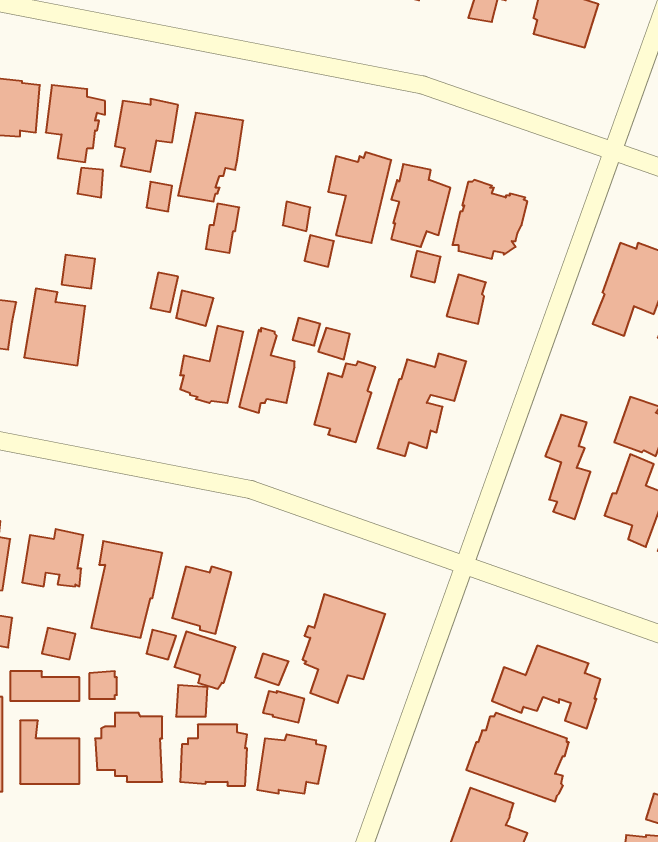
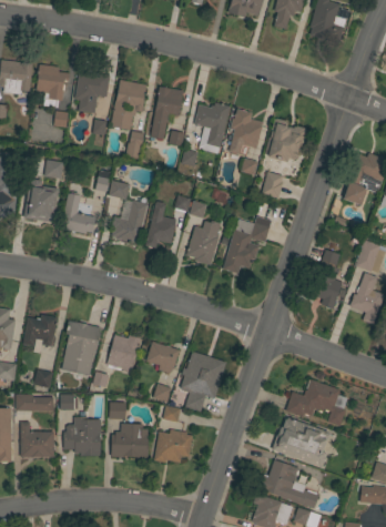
building: none -> [150,87,183,140]
building: none -> [61,193,95,234]
building: [174,631,236,689] -> [145,341,180,373]

